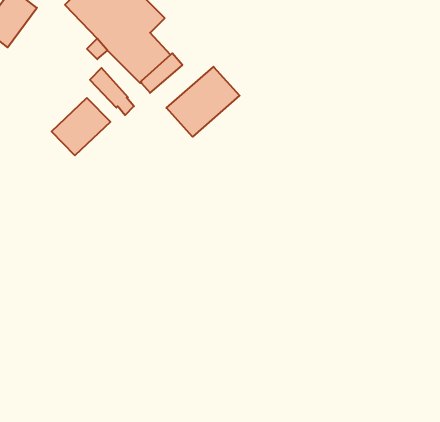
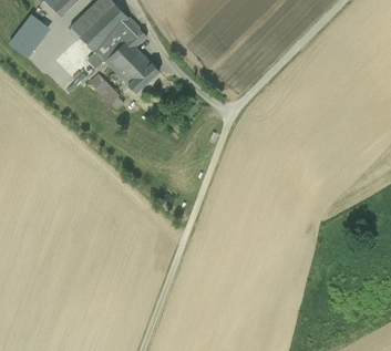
building: [166,67,240,137] -> none
building: [52,98,110,155] -> none

